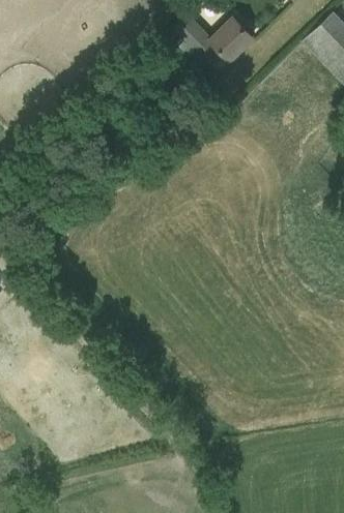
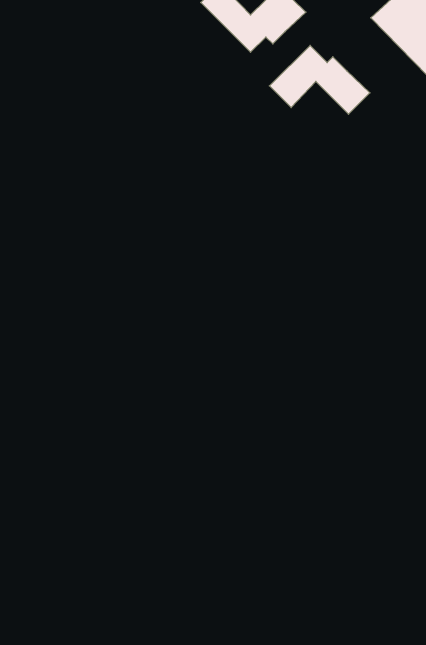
building: none -> [269,45,370,114]

